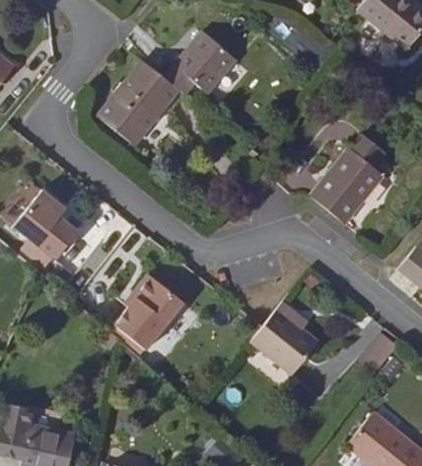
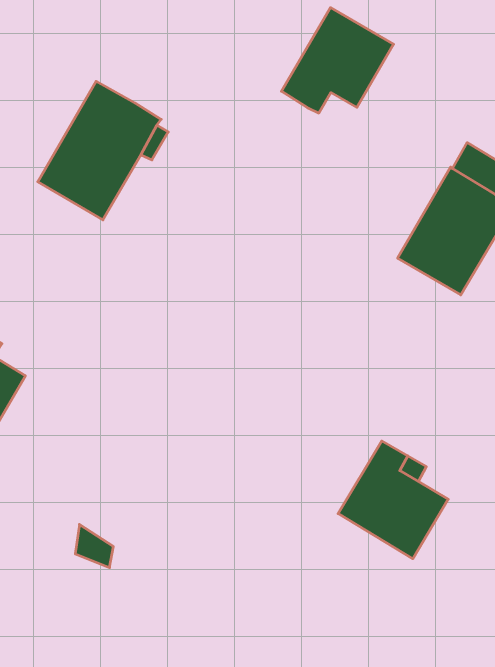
building: [166,32,237,94] -> [281,8,394,113]
building: [113,271,186,353] -> none

